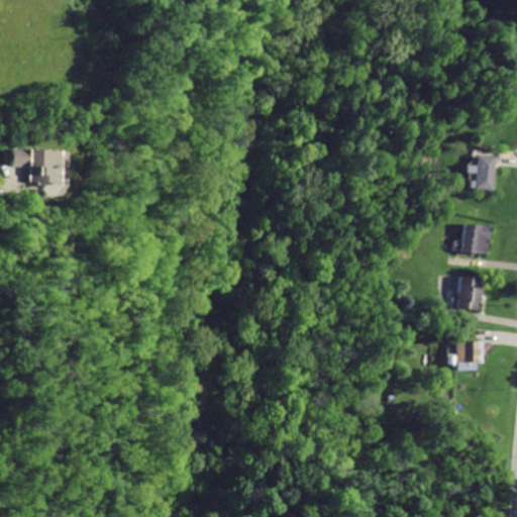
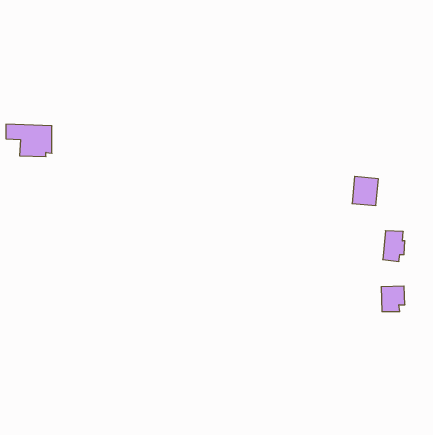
building: [470,153,496,189] -> none
building: [460,221,492,255] -> [352,176,378,205]

